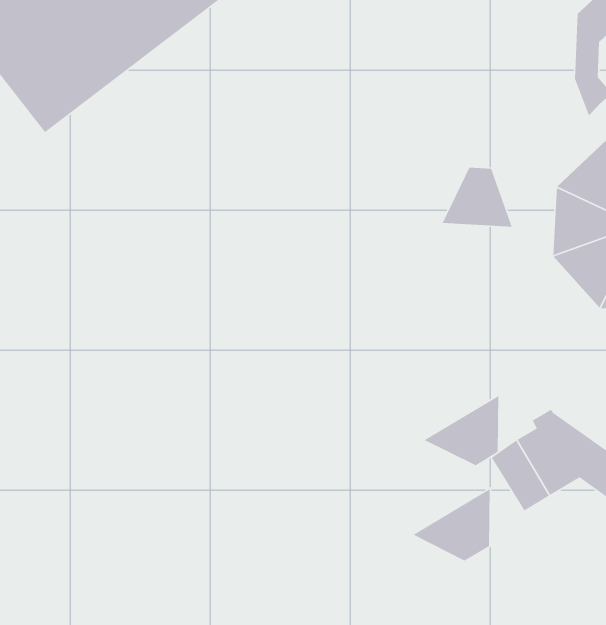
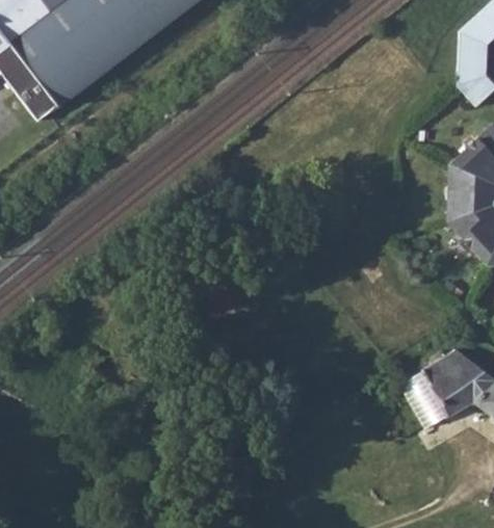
building: [441,167,513,228] -> none
building: [423,395,499,466] -> none
building: [412,488,491,562] -> none

